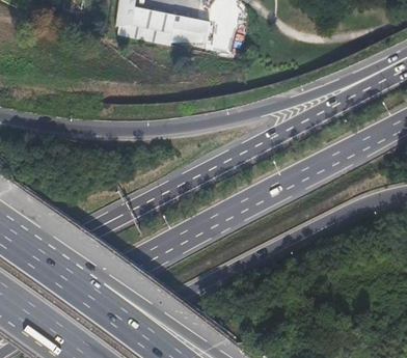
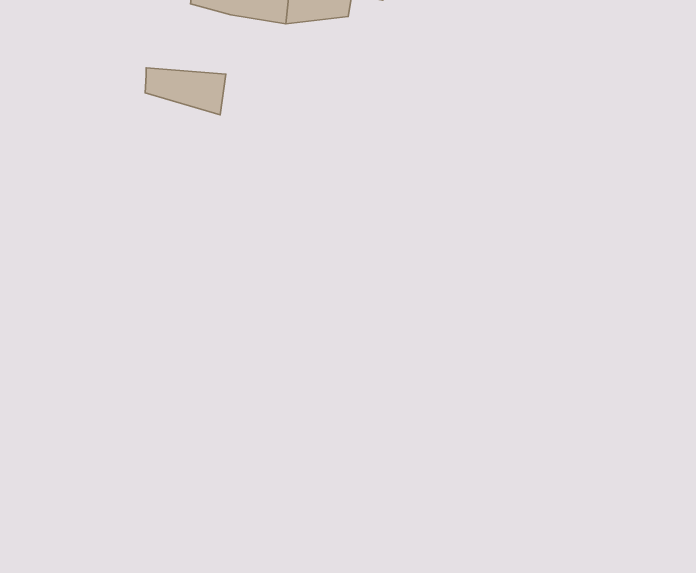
building: none -> [145,68,226,115]

